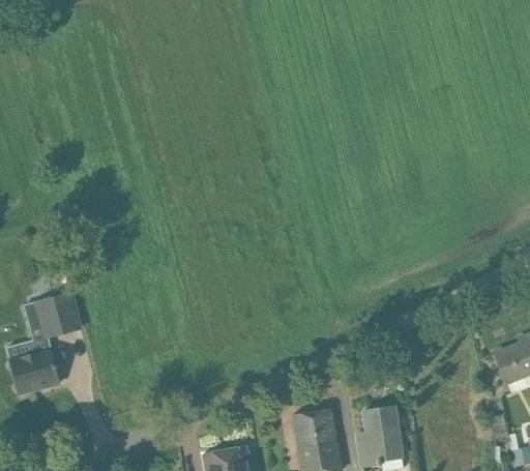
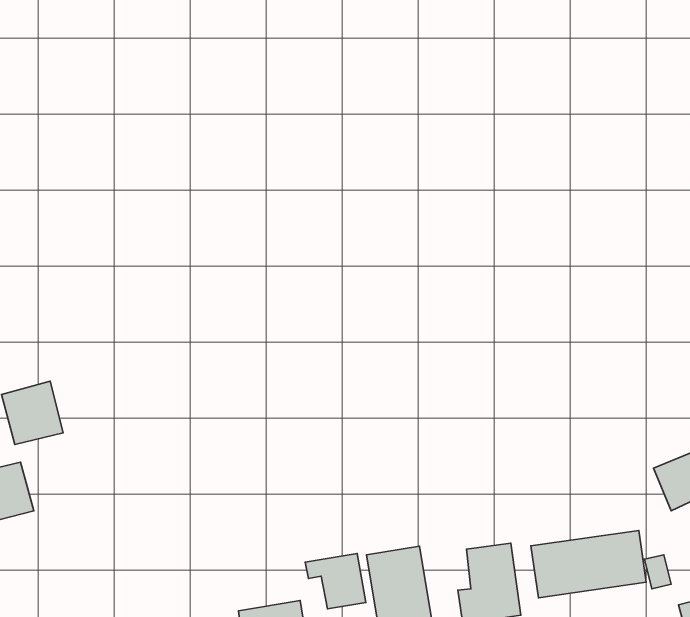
building: none -> [531,530,646,598]
building: none -> [305,553,366,609]

